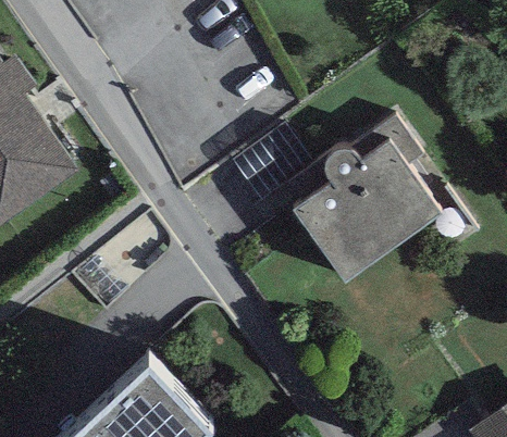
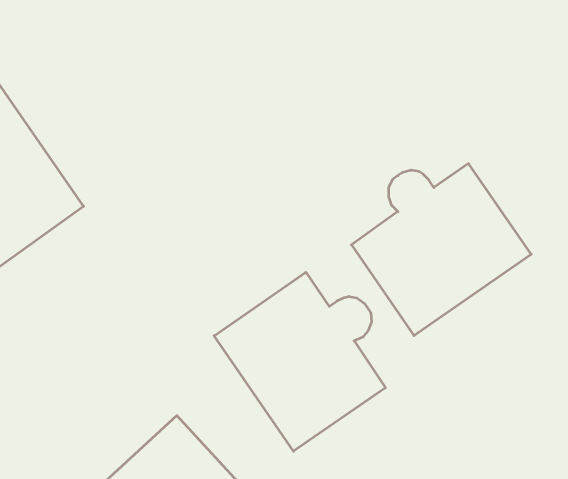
building: none -> [214,272,385,451]

